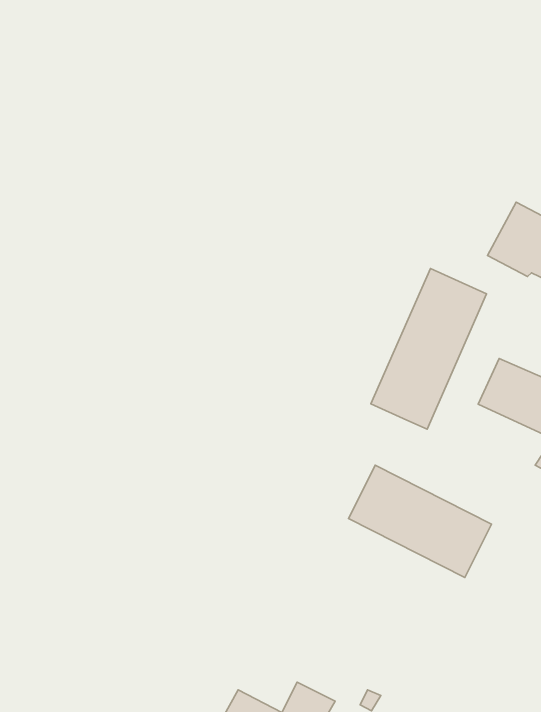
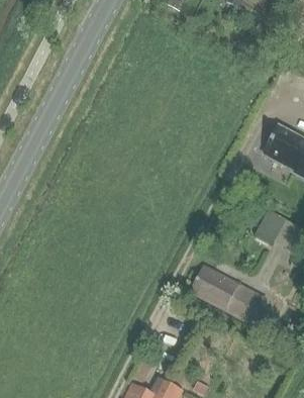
building: [371,269,487,429] -> none

